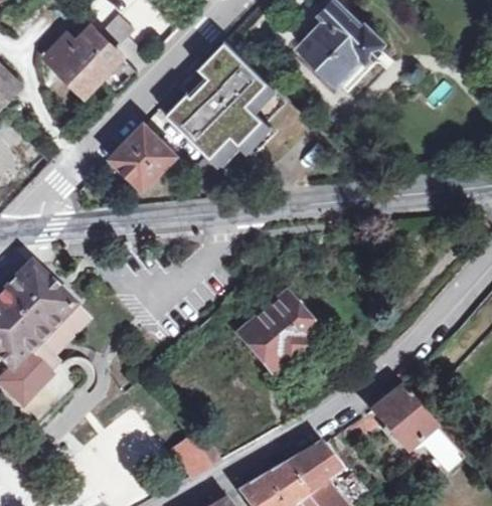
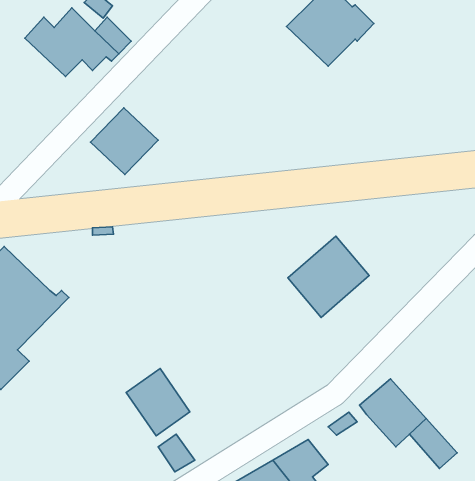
building: [166,40,286,183] -> none
building: [238,294,317,372] -> [288,236,369,317]
building: none -> [126,368,190,436]

